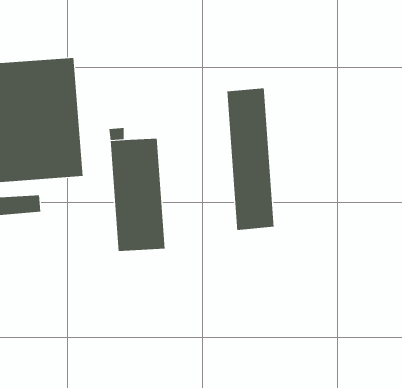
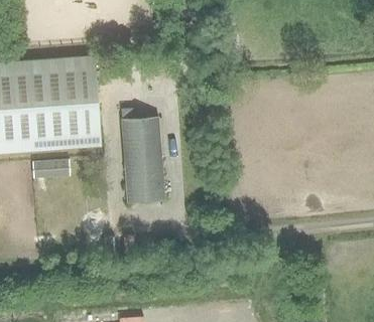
building: [227,87,274,231] -> none

